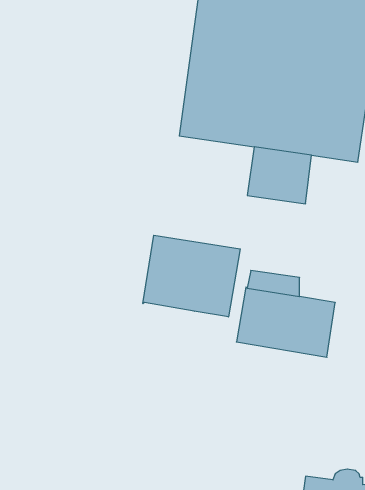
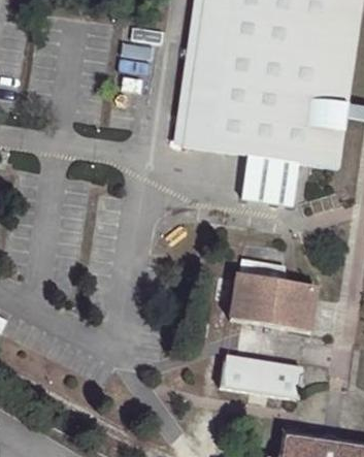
building: [143,235,240,317] -> none
building: none -> [224,356,308,399]

